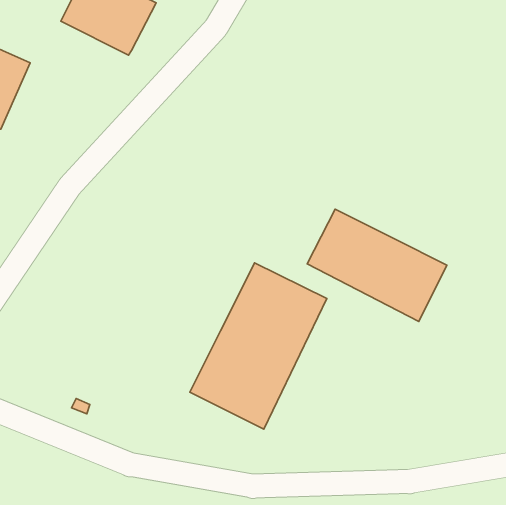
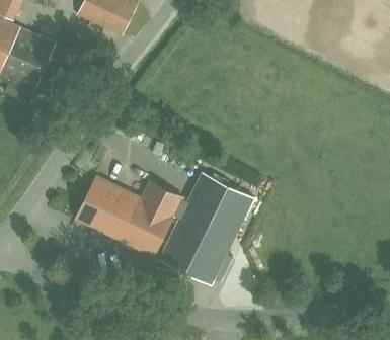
building: [307,209,447,322] -> none
building: none -> [76,177,188,255]

